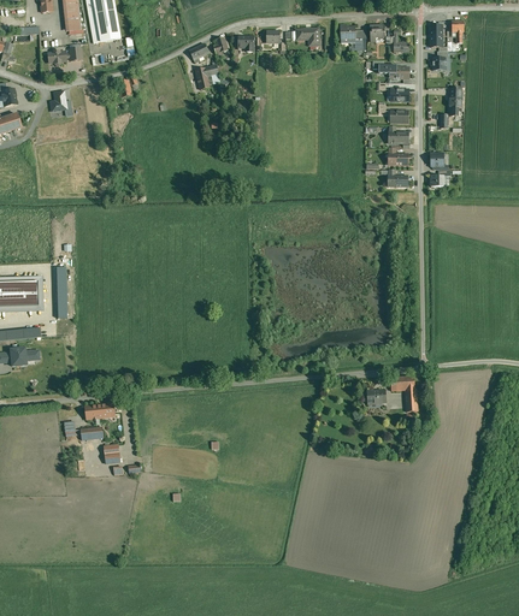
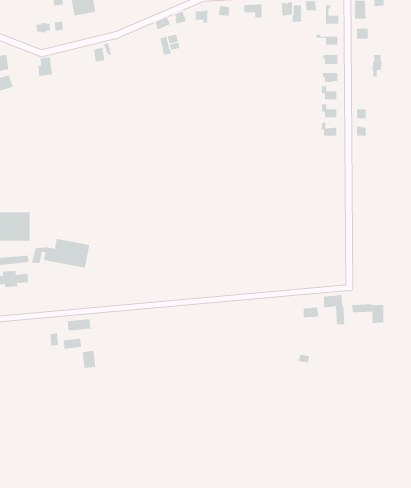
building: none -> [31,238,90,268]
building: none -> [351,303,384,324]

